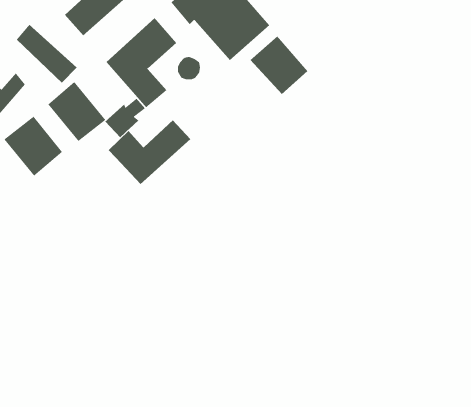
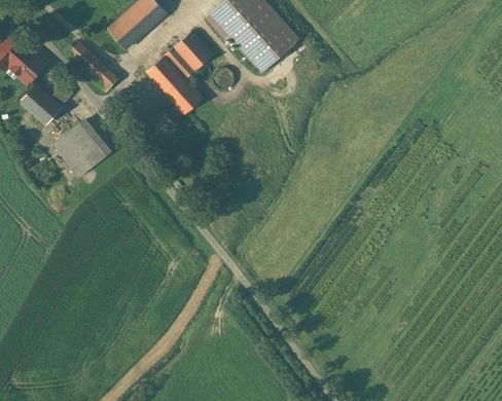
building: [250,35,308,95] -> none
building: [47,81,106,142] -> none
building: [108,120,191,185] -> none

